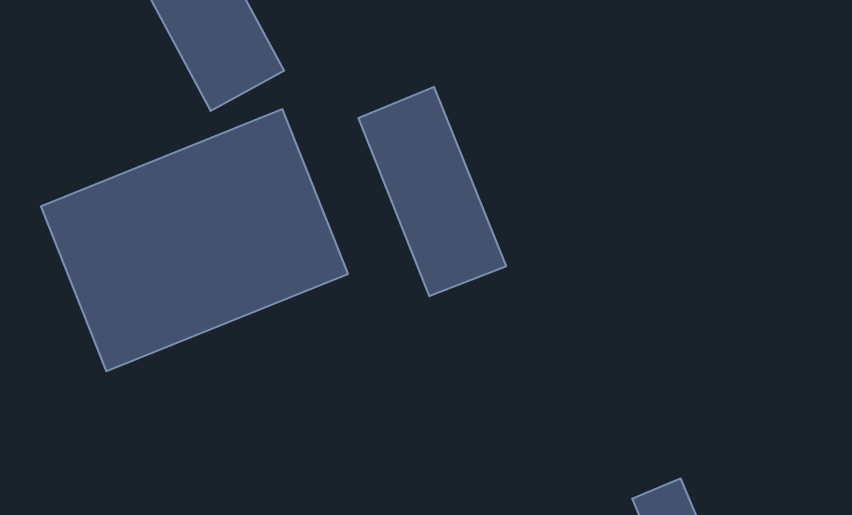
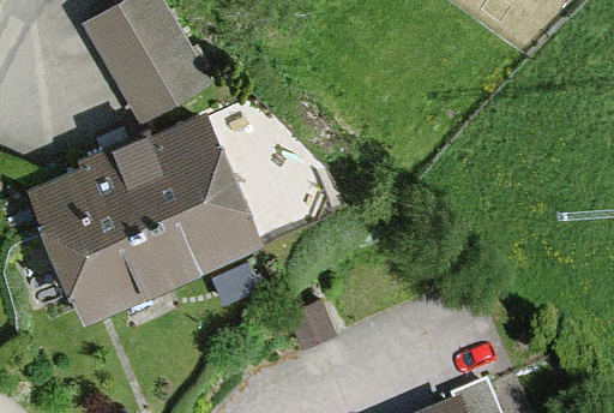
building: [358,87,506,296] -> none

